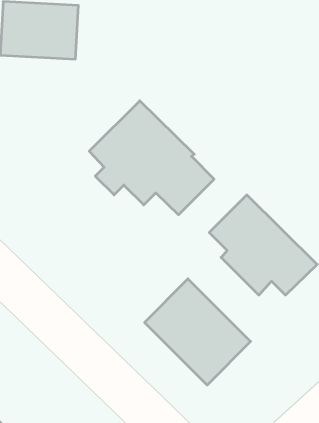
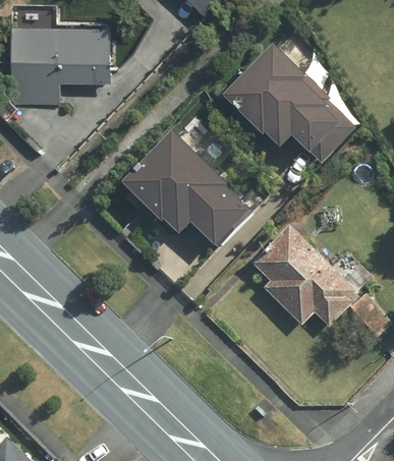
building: none -> [226,44,348,156]
building: [145,279,251,385] -> none

